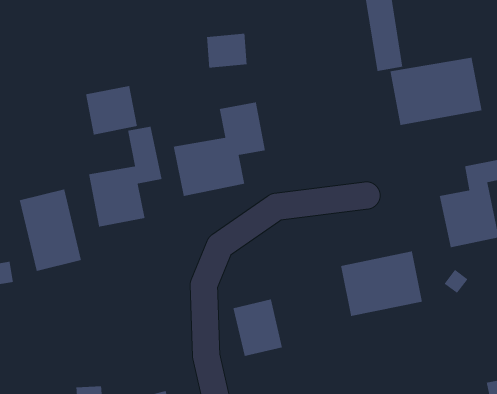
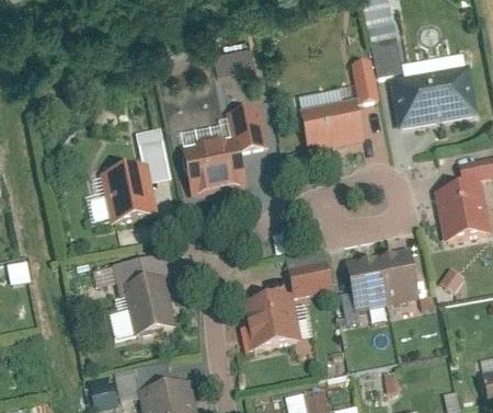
building: none -> [300,58,380,151]
building: [85,85,138,135] -> none
building: [19,188,82,272] -> [115,255,175,335]
building: none -> [288,262,331,294]

